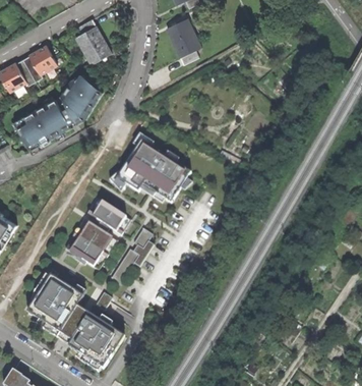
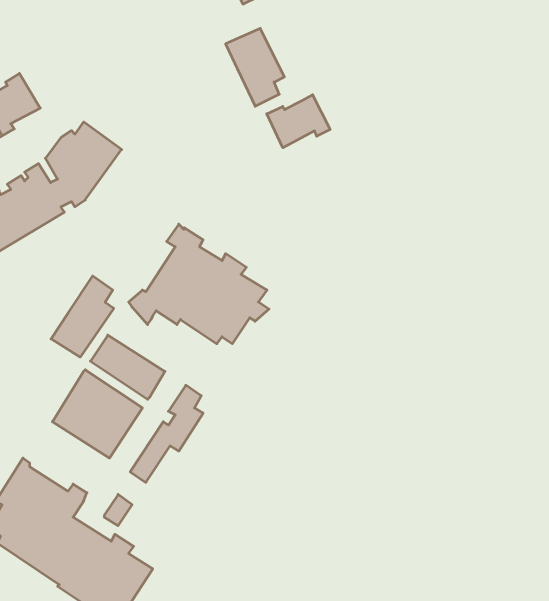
building: [75,17,111,63] -> none
building: none -> [267,95,330,148]
building: none -> [51,276,114,357]

